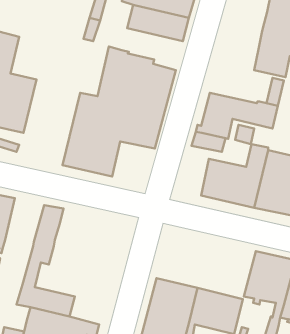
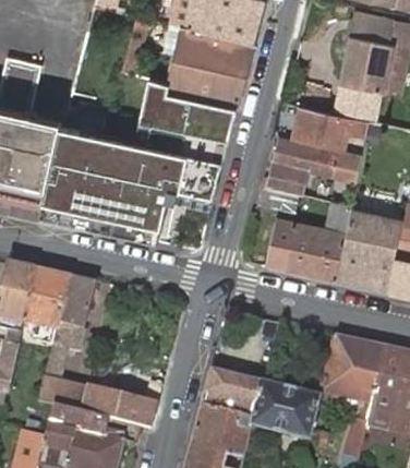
building: none -> [168,55,244,107]
building: none -> [294,106,348,146]
building: none -> [40,122,116,226]
building: none -> [22,267,71,345]
building: none -> [102,381,161,428]

